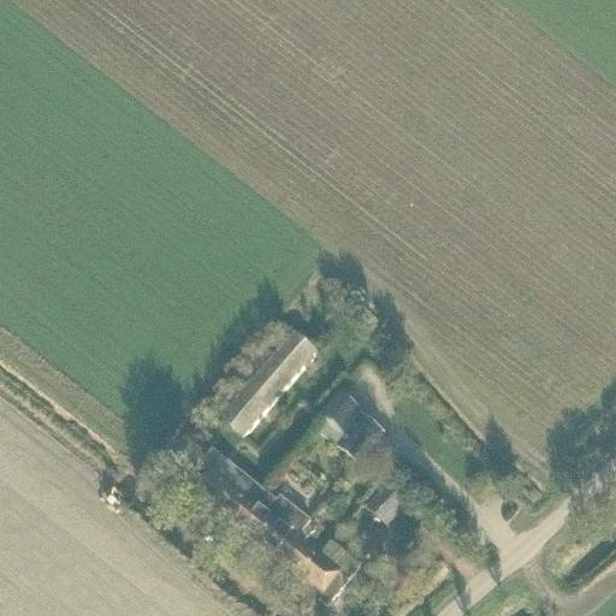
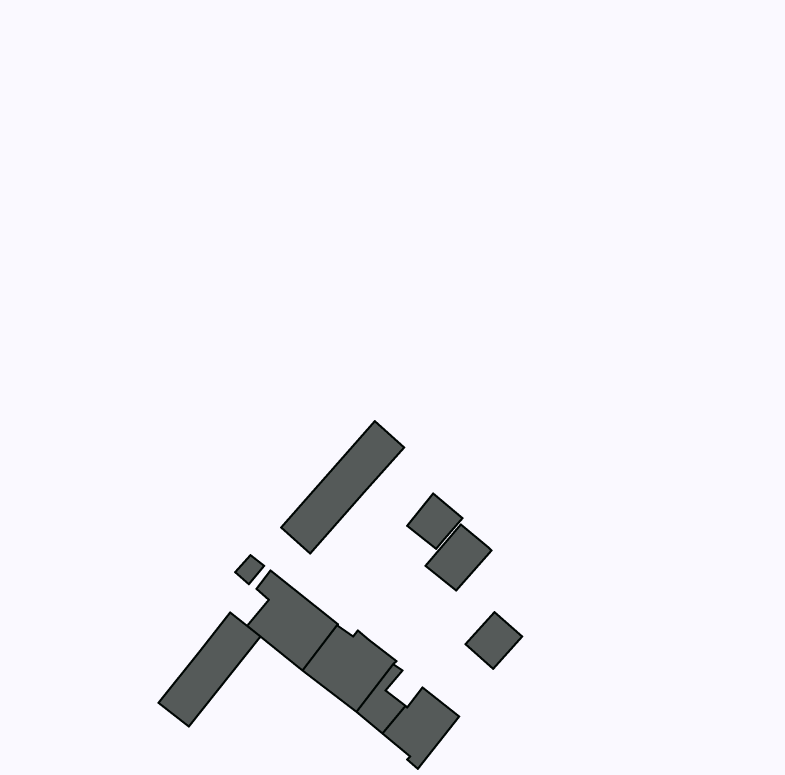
building: none -> [158,613,260,727]

